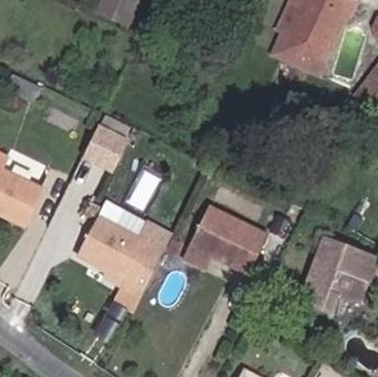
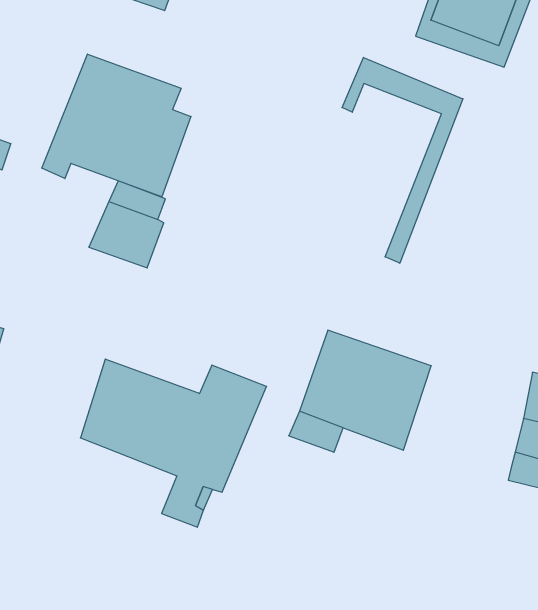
building: none -> [42,54,191,197]
building: none -> [342,57,463,263]

